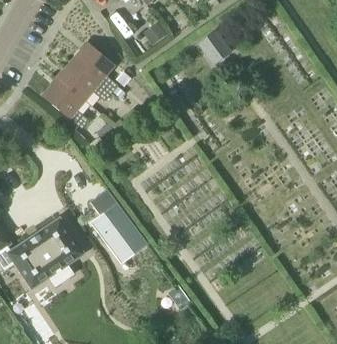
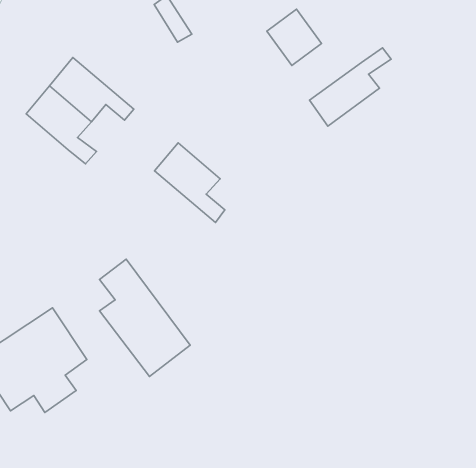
building: [72,42,117,93] -> [155,143,225,222]
building: none -> [310,48,391,126]

